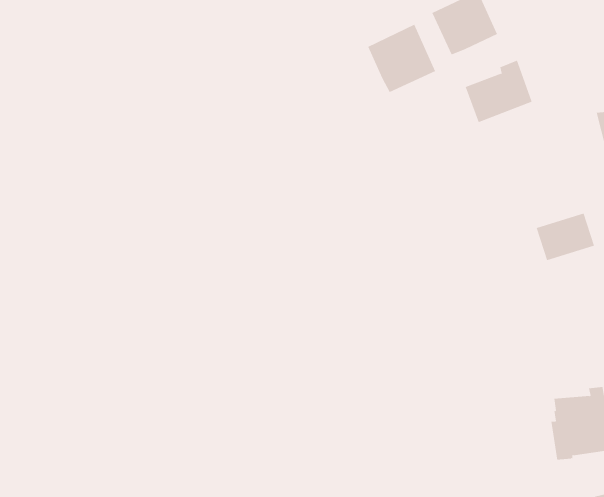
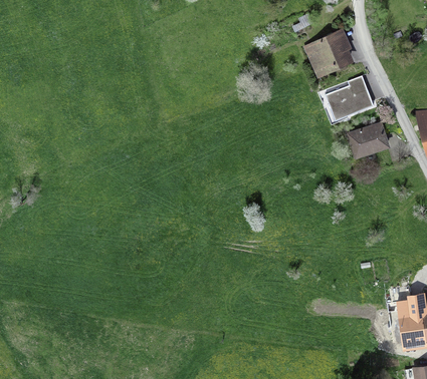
building: [367,24,436,93] -> none
building: [536,213,595,261] -> [350,123,389,155]

